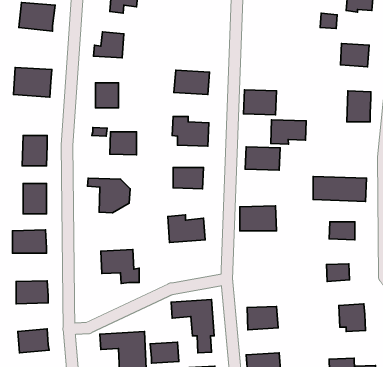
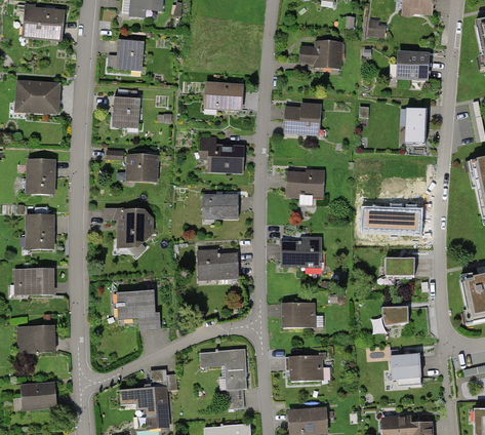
building: none -> [297,41,342,69]
building: [271,120,306,144] -> none
building: none -> [279,303,314,327]
building: [150,342,179,363] -> none

